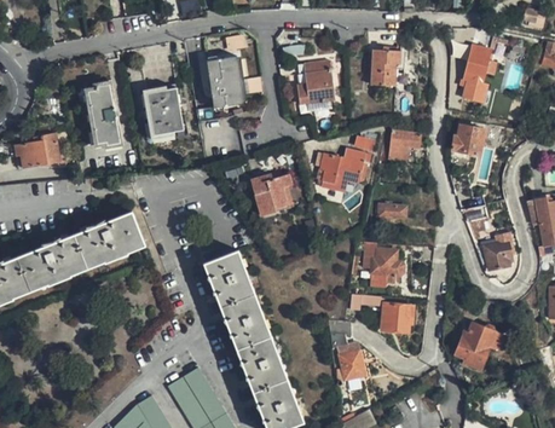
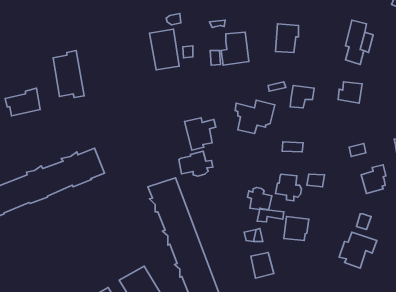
building: [146,91,184,138] -> none
building: none -> [179,151,213,176]
building: none -> [247,188,272,210]

